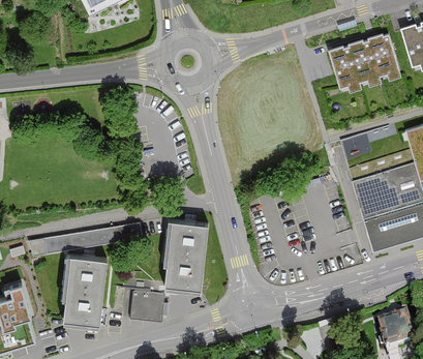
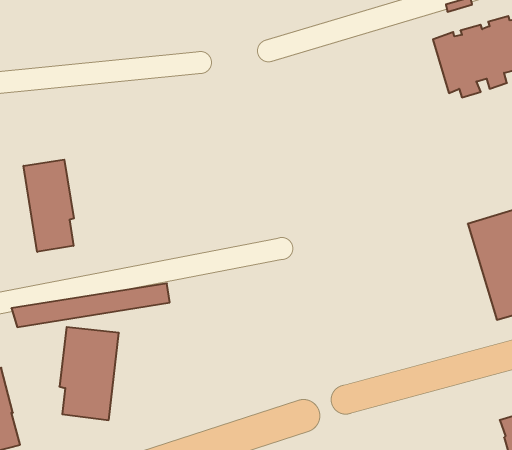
building: none -> [24,160,74,252]
building: [165,218,208,287] -> none
building: [131,293,167,322] -> none

